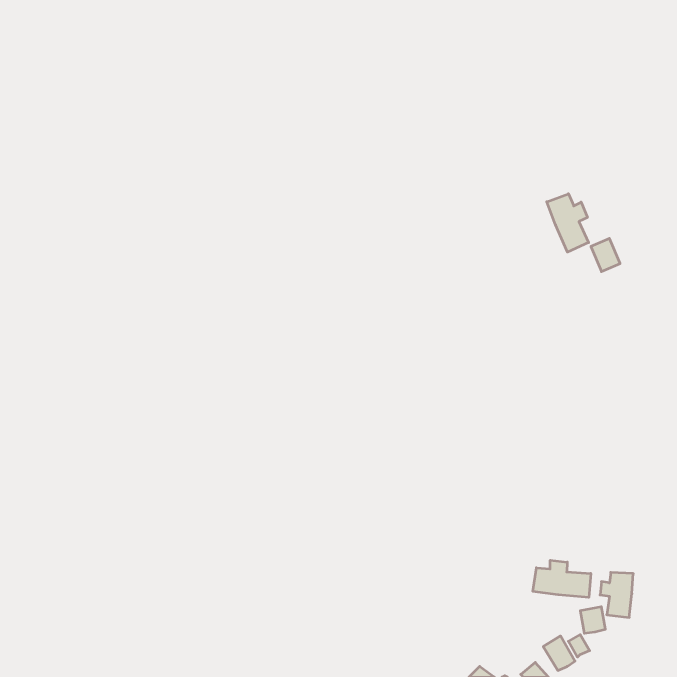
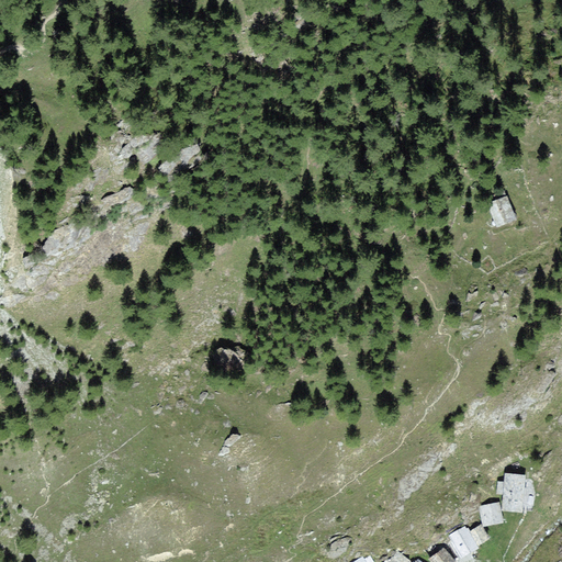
building: [547,194,589,252] -> none
building: [533,560,591,597] -> none

